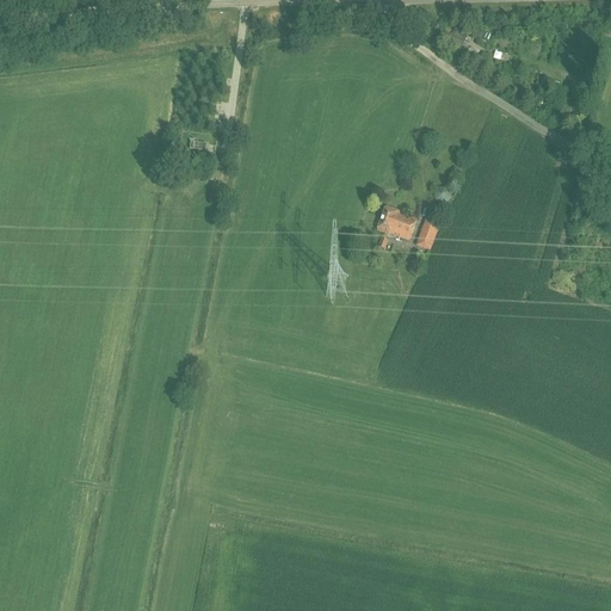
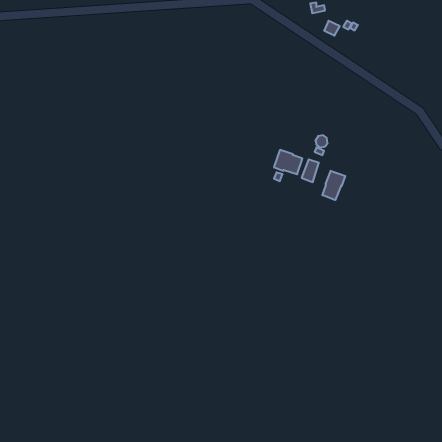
building: none -> [322,171,345,200]

